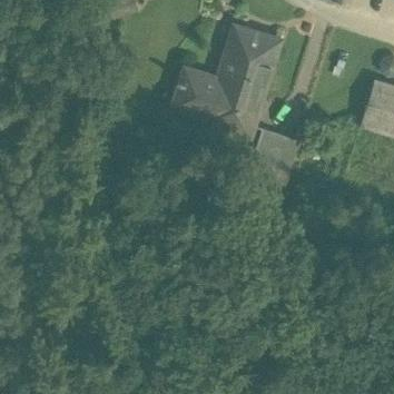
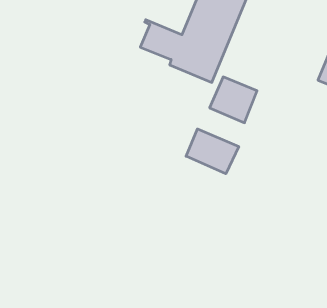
building: none -> [186,129,239,174]

